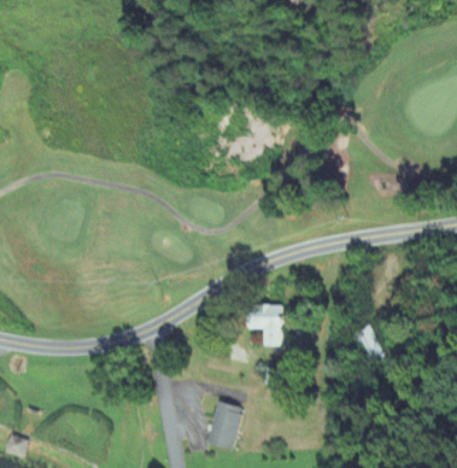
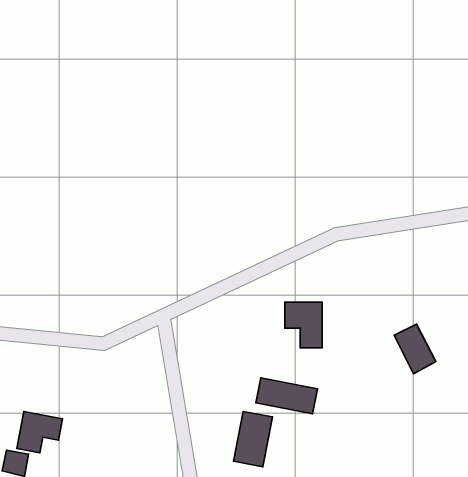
building: none -> [256,378,318,414]
building: none -> [17,411,63,453]

